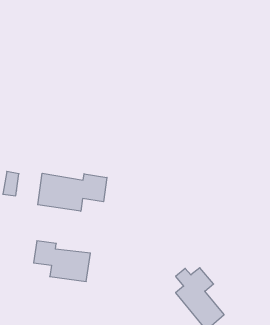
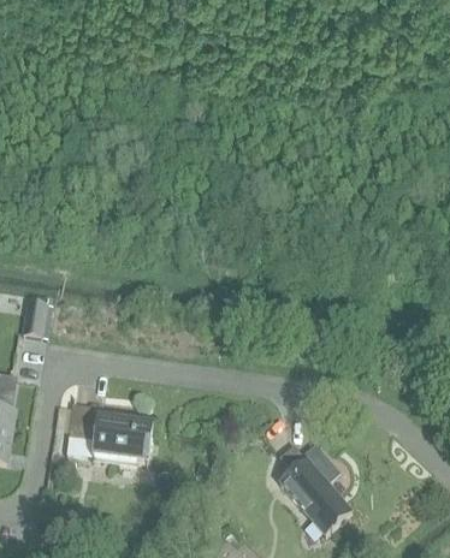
building: [38,173,107,211] -> none

